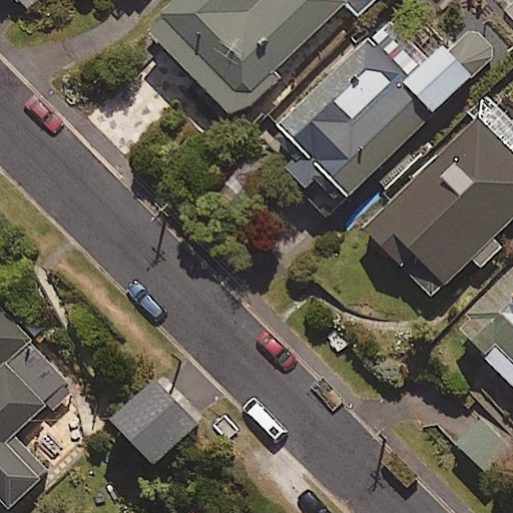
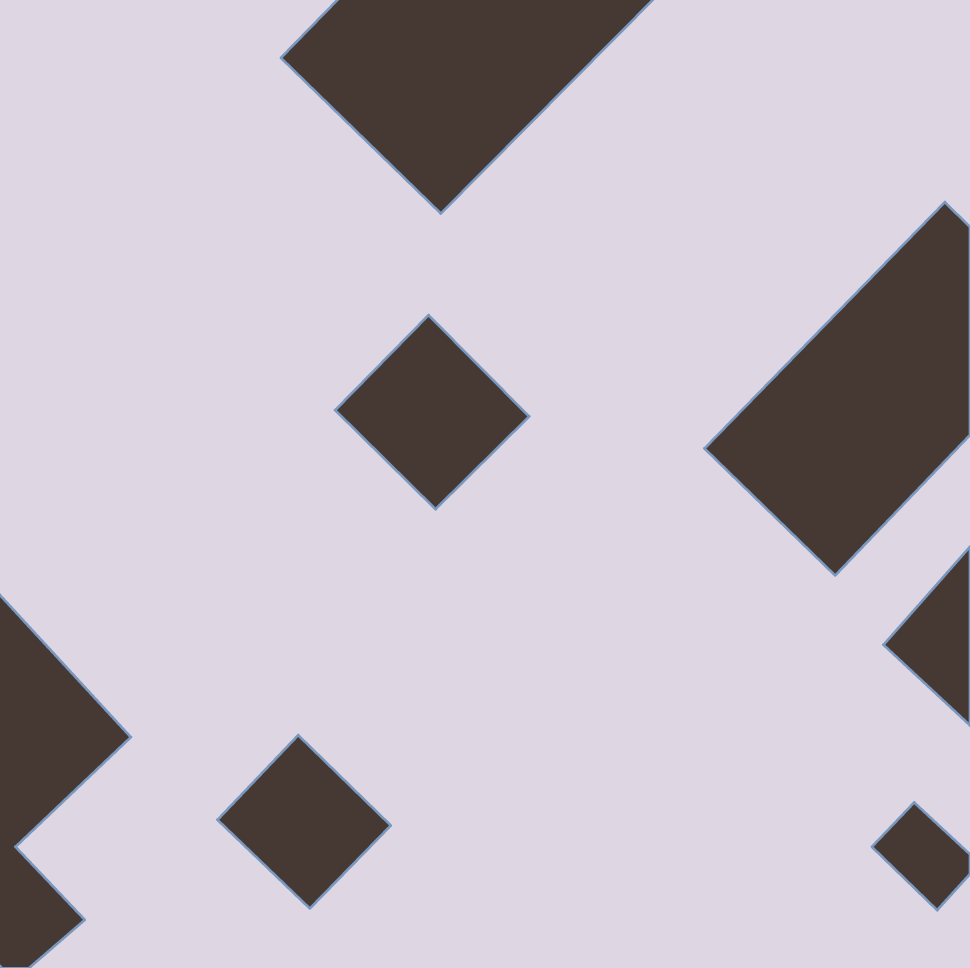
building: [279,20,493,212] -> none
building: none -> [335,315,529,509]

